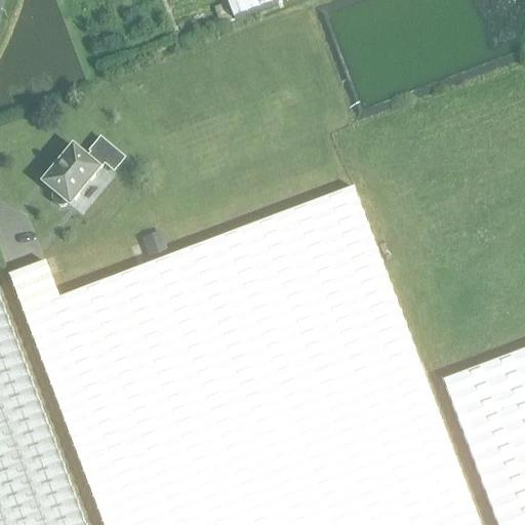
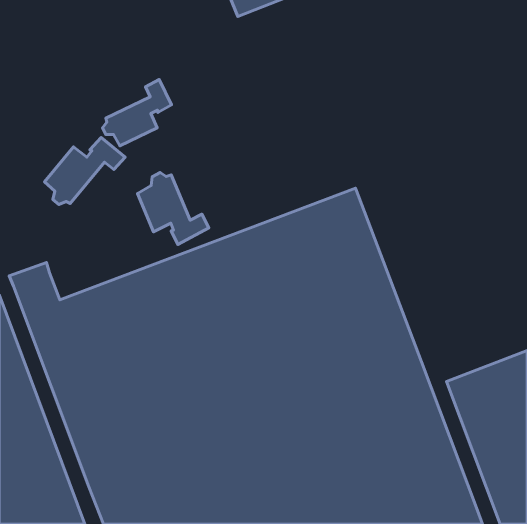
building: none -> [103,80,171,146]
building: none -> [138,173,209,245]

